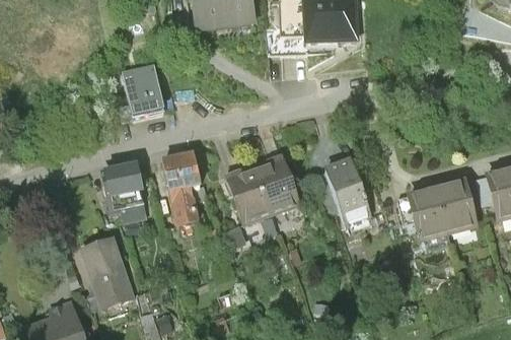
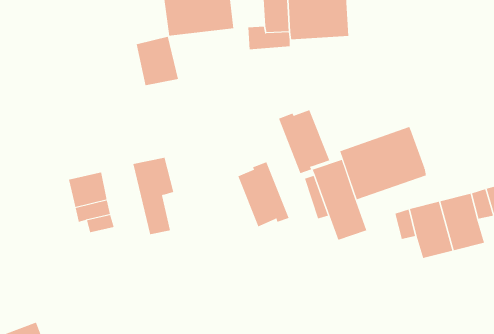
building: [123,68,161,113] -> [136,36,179,86]
building: none -> [340,126,427,200]
building: [227,165,274,223] -> [278,110,330,174]
building: [80,232,132,299] -> none

